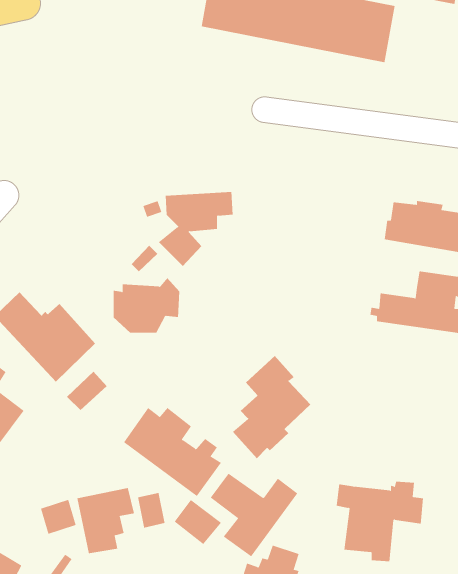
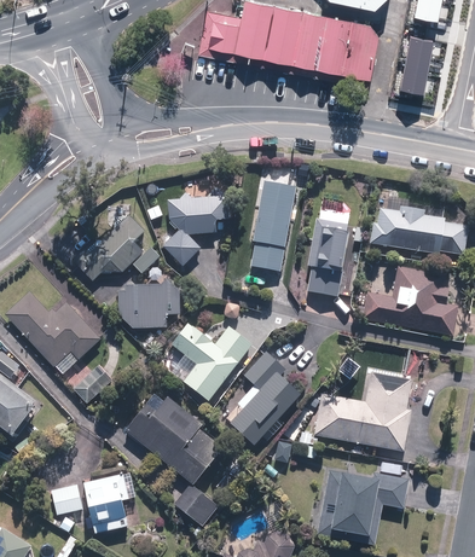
building: none -> [398,39,431,97]
building: none -> [247,182,295,272]
building: none -> [306,211,351,298]
building: none -> [73,215,145,280]
building: none -> [312,372,412,452]
building: [210,473,298,557] -> [169,323,251,401]
building: [137,492,165,528] -> none

